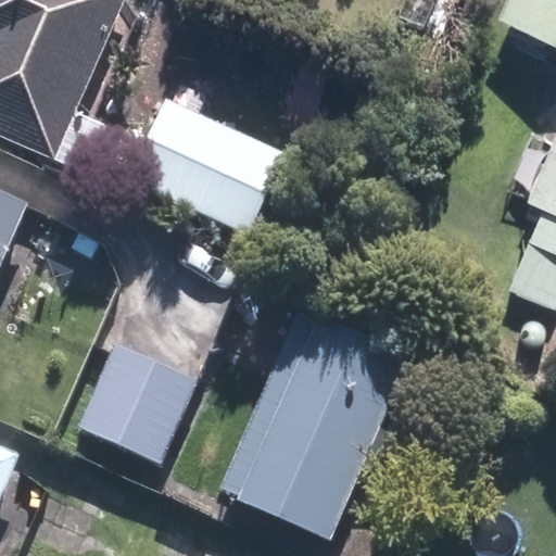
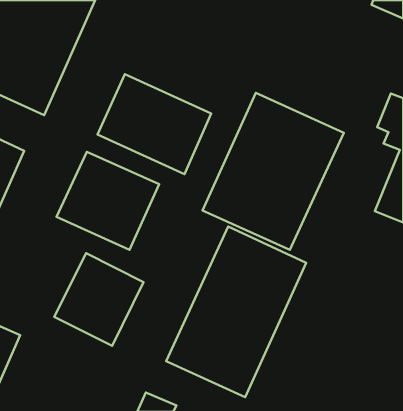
building: none -> [203,93,344,250]
building: none -> [56,152,159,250]

